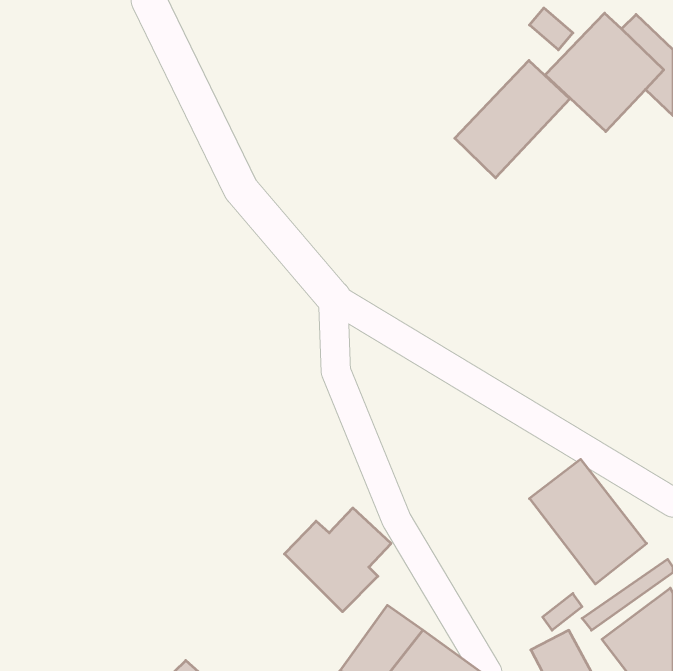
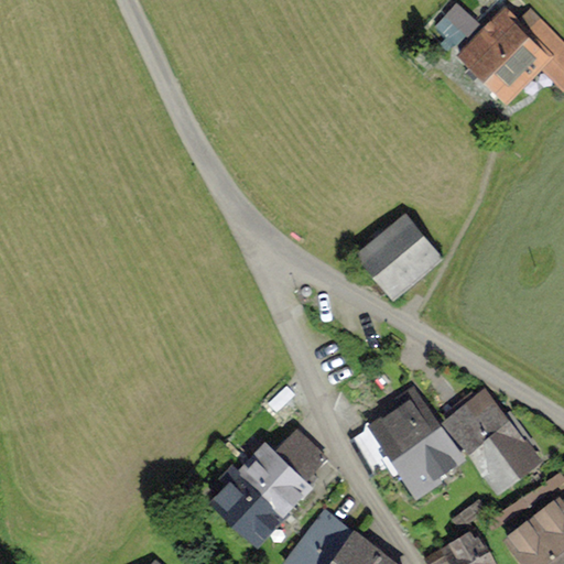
building: [455,60,570,178] -> none
building: none -> [357,219,444,304]
building: none -> [355,382,463,497]
building: none -> [210,460,286,542]

